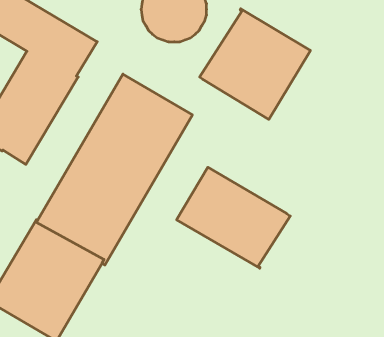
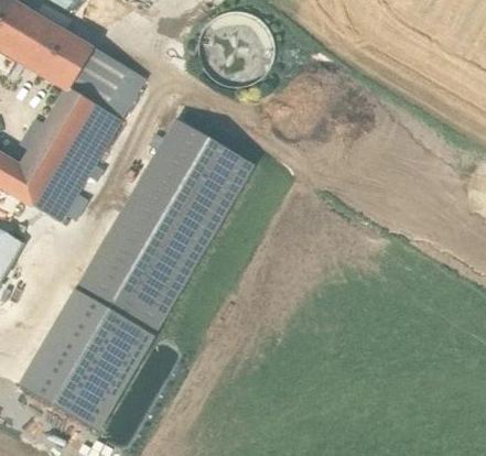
building: [200,9,310,119] -> none
building: [177,167,290,268] -> none

